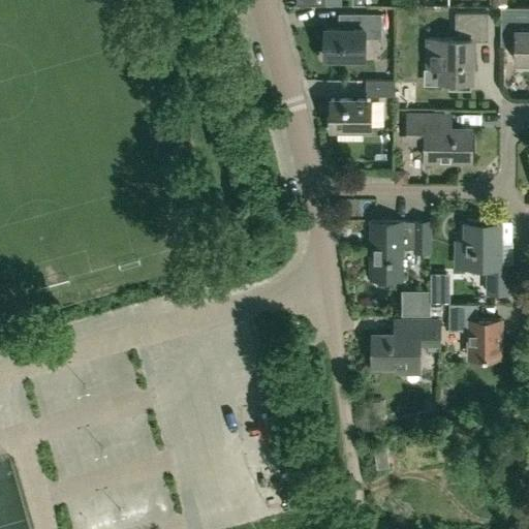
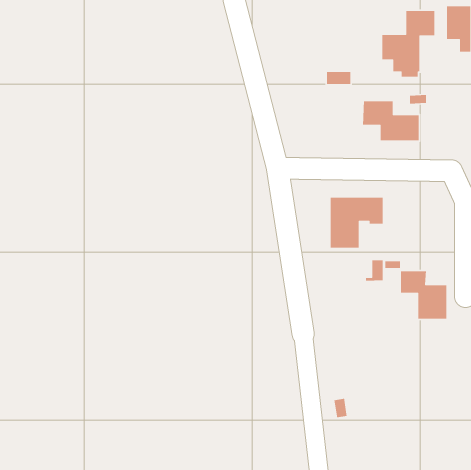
building: [324,15,380,60] -> none
building: [331,101,369,129] -> none
building: [457,224,510,293] -> none
building: [373,321,439,366] -> none

